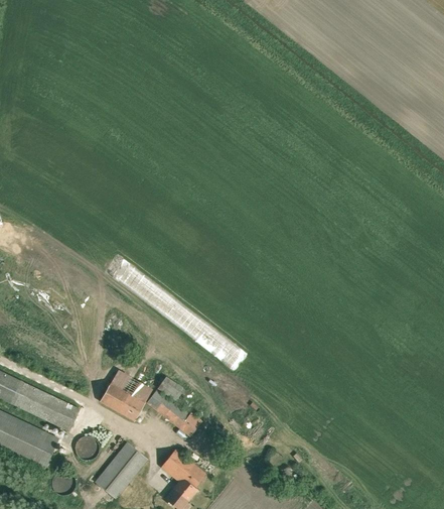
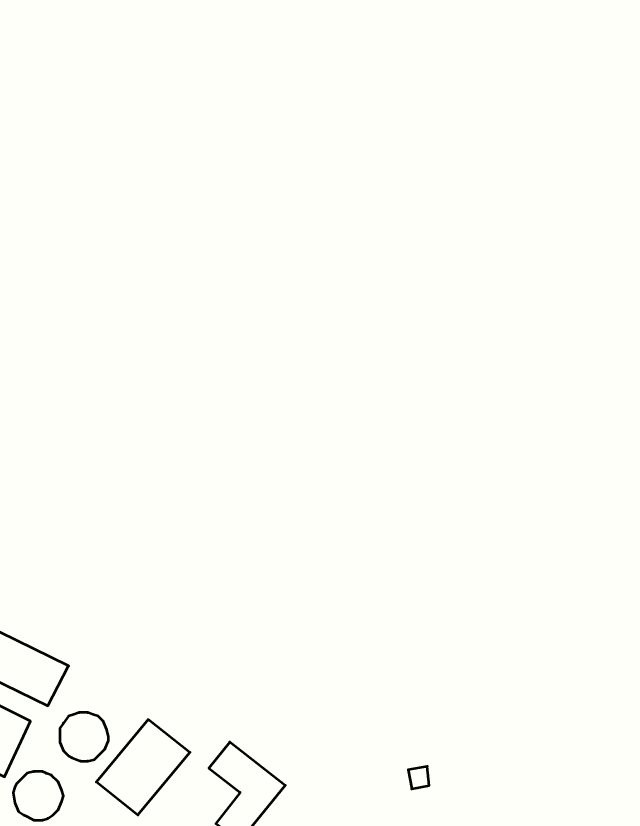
building: [102,381,146,420] -> none
building: [151,392,199,435] -> none

